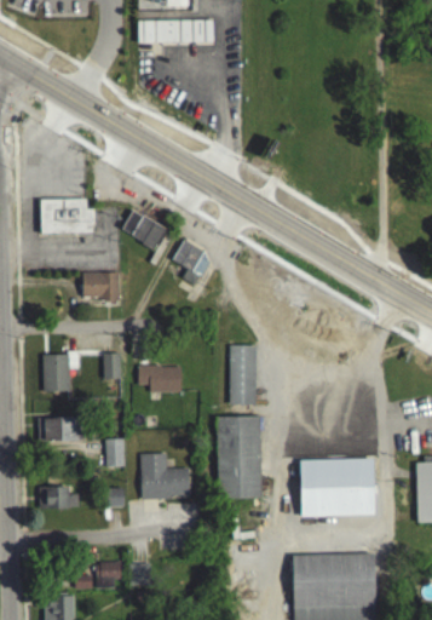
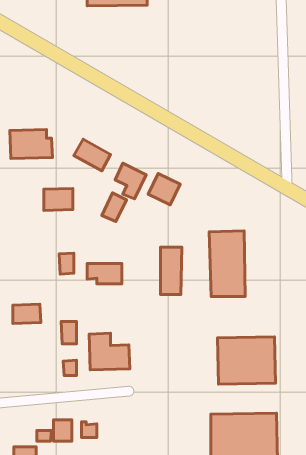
building: none -> [148,174,180,205]
building: none -> [102,193,126,221]
building: [44,355,76,391] -> none
building: [217,415,261,498] -> [209,231,245,297]
building: [39,487,79,509] -> none

